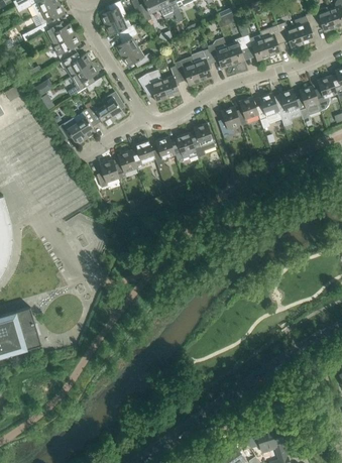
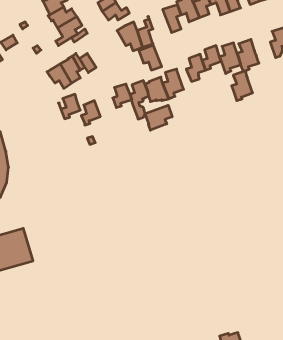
building: [174,55,200,86] -> [139,44,162,70]
building: [296,86,320,120] -> [232,71,253,101]
building: [101,93,124,122] -> none
building: [111,150,136,179] -> [58,94,80,119]
building: none -> [145,105,172,130]

